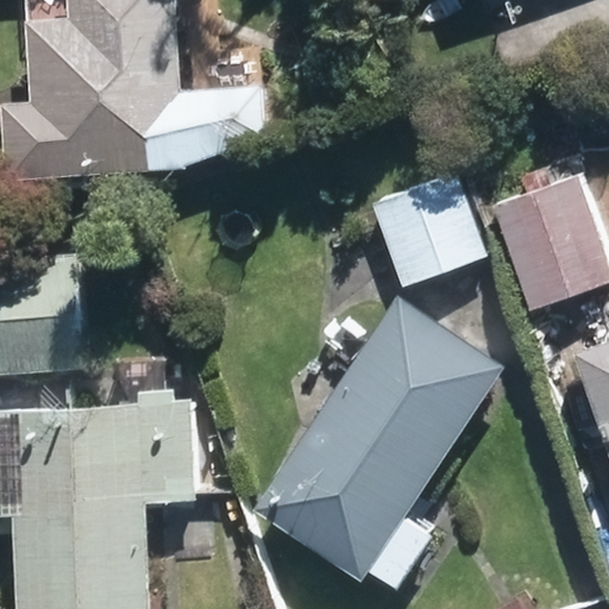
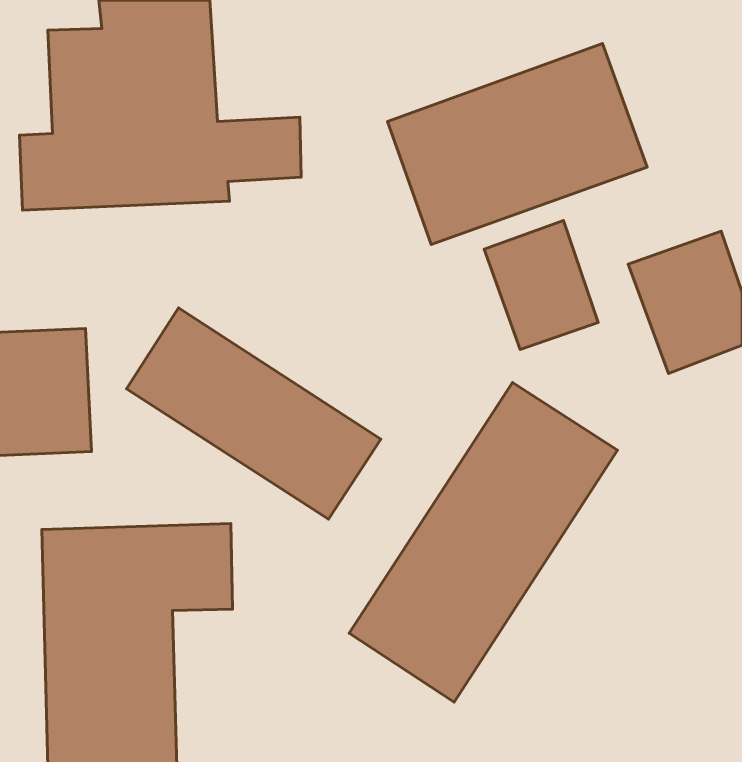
building: none -> [387,44,647,244]
building: none -> [127,308,381,519]

